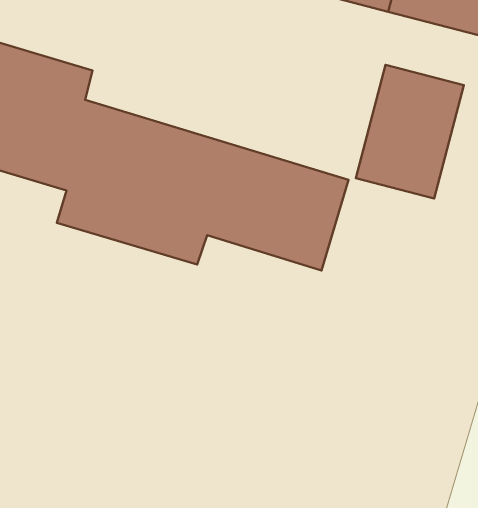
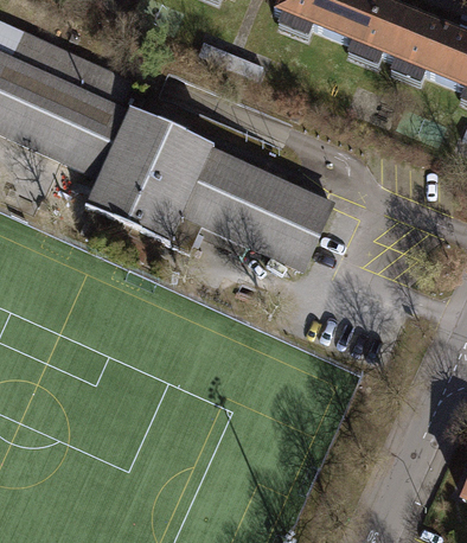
building: [356,65,464,198] -> none

